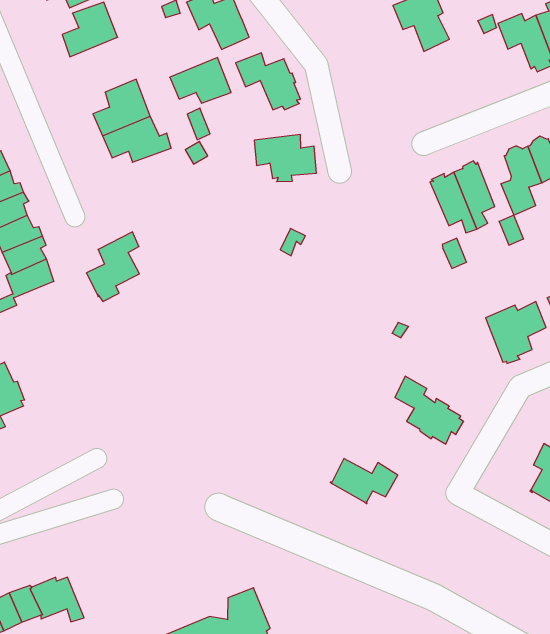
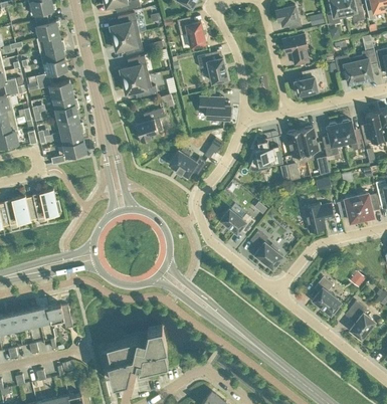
building: none -> [293,67,324,95]
building: [170,58,231,103] -> [113,32,143,54]
building: none -> [249,138,282,168]
building: [86,232,139,302] -> [136,108,165,141]
building: none -> [169,148,206,176]
building: [330,458,398,504] -> [220,208,255,233]

